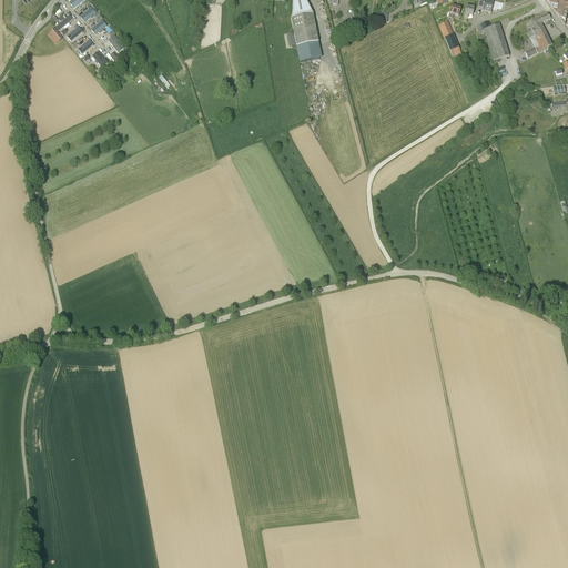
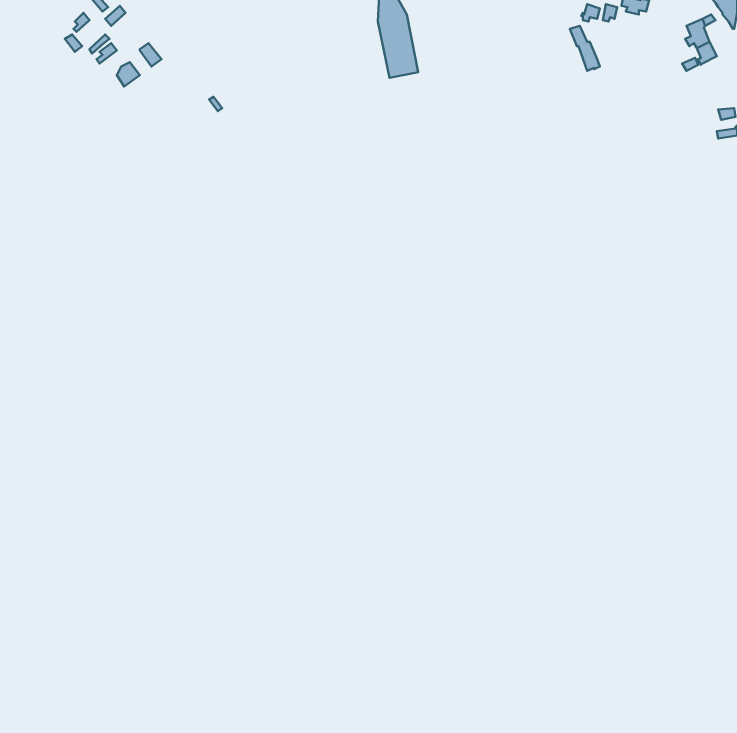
building: [484,21,509,58] -> none

